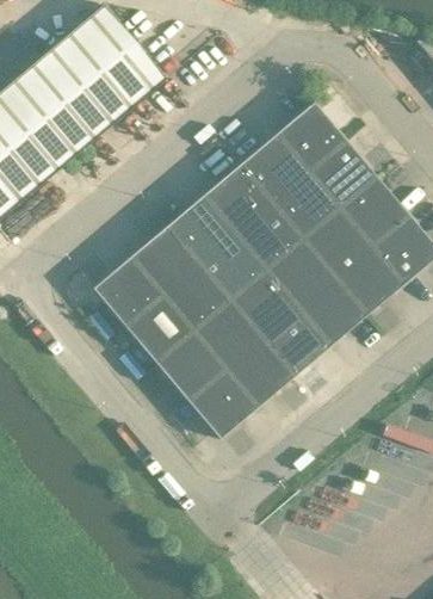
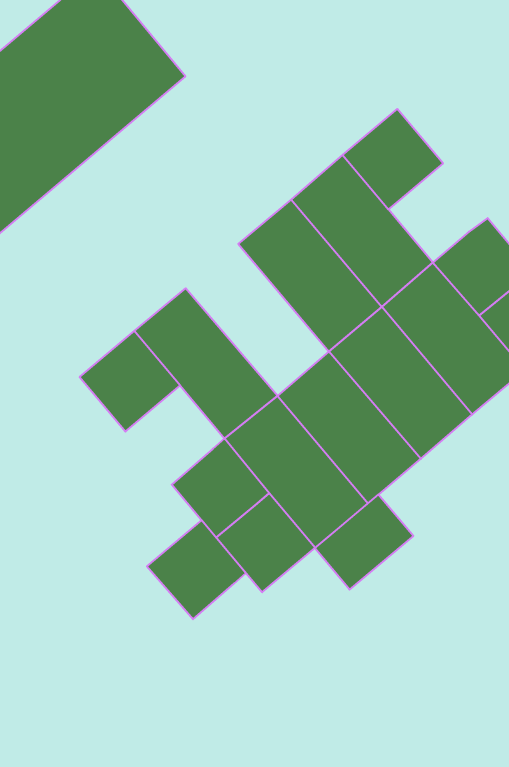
building: [308,138,377,208] -> none
building: [166,194,266,301] -> none
building: [124,294,193,363] -> [147,520,246,619]
building: none -> [315,494,413,590]

